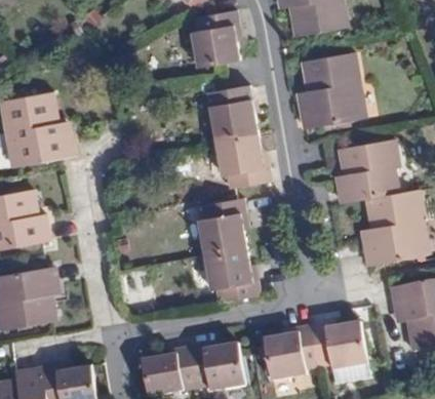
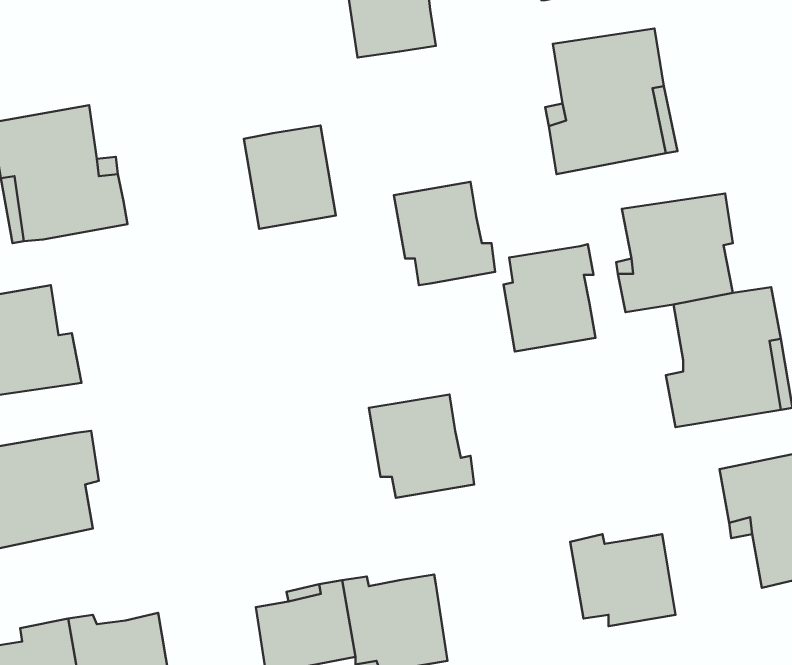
building: [207,85,256,141] -> [244,125,336,229]
building: [196,197,245,254] -> [503,244,595,351]
building: [263,326,317,382] -> none

